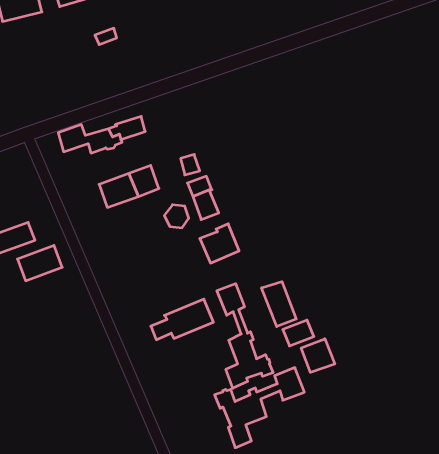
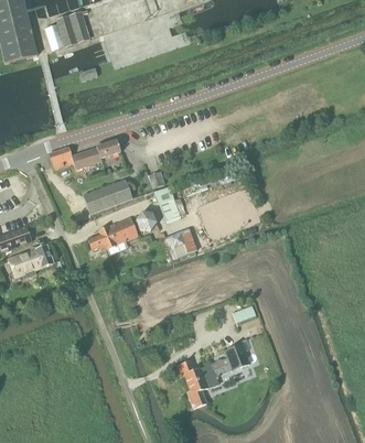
building: [262,282,296,327] -> none
building: [217,284,273,388] -> none
building: [151,299,213,340] -> [88,216,139,249]
building: [301,339,335,372] -> none

